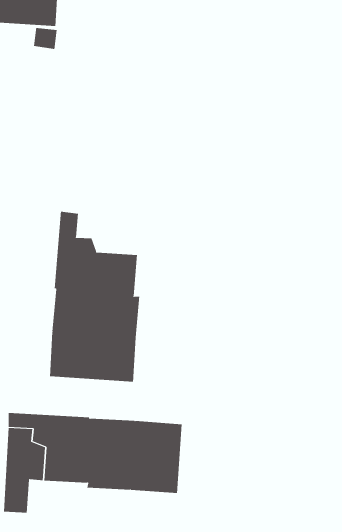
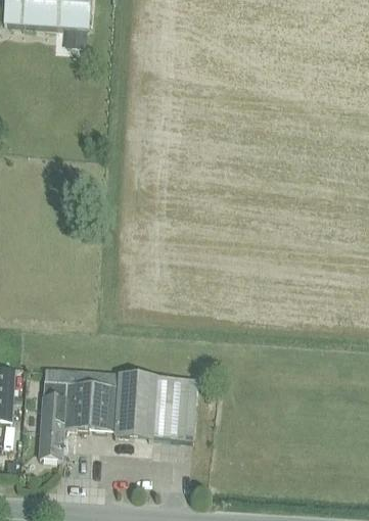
building: [49,211,140,383] -> none

